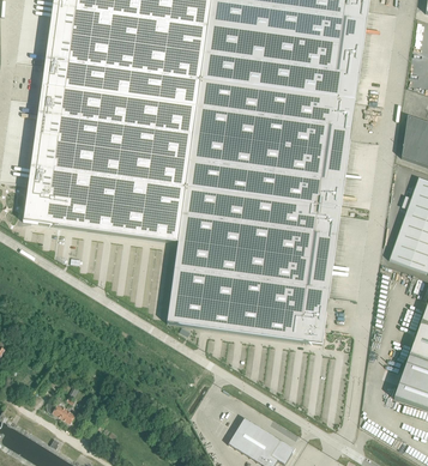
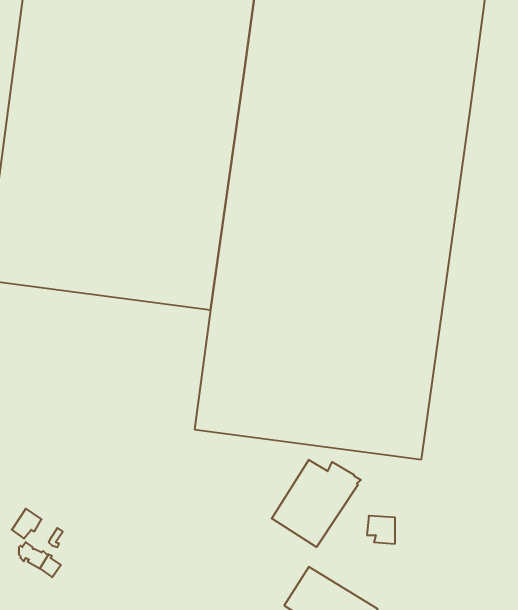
building: none -> [272,460,361,547]

